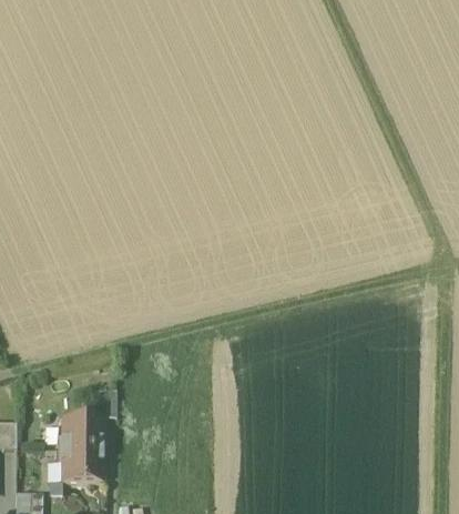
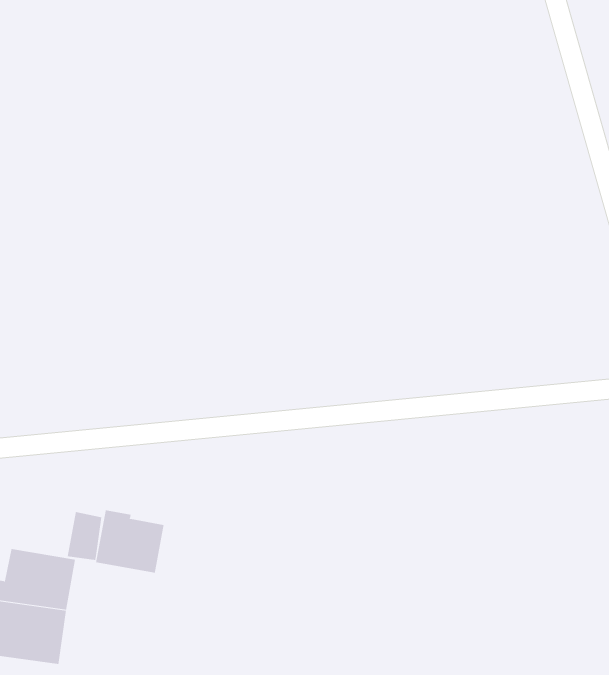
building: none -> [96,510,164,574]

